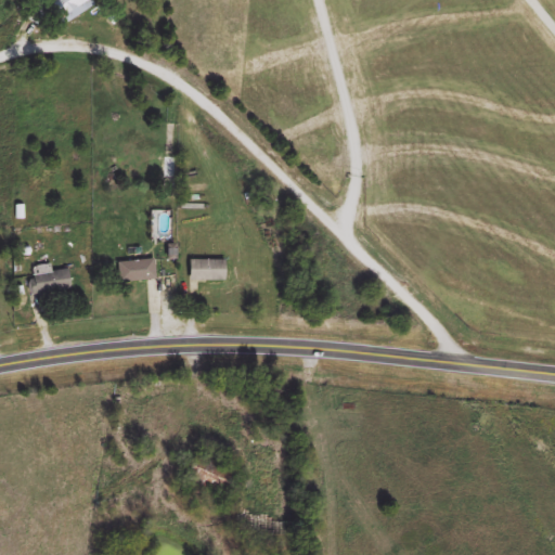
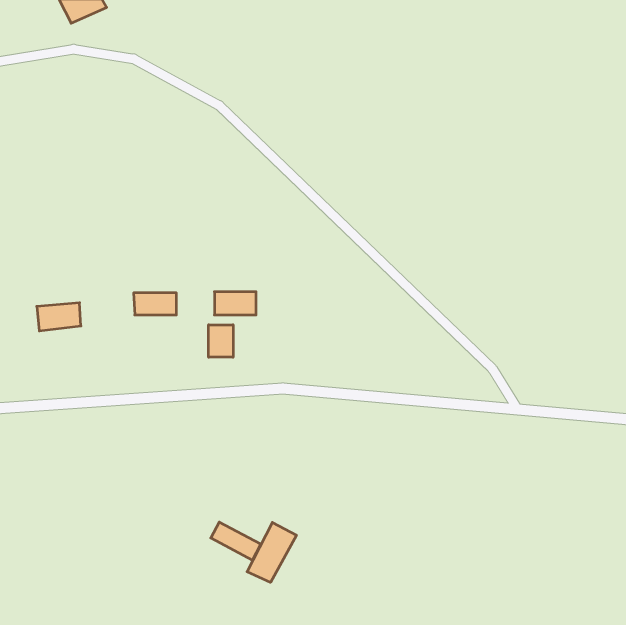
building: none -> [209,325,233,357]
building: none -> [247,522,296,582]

